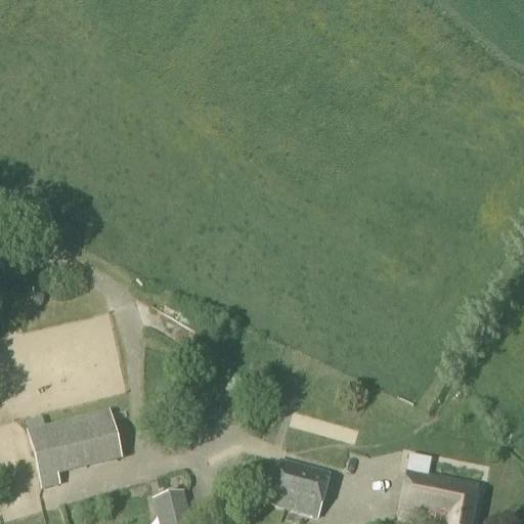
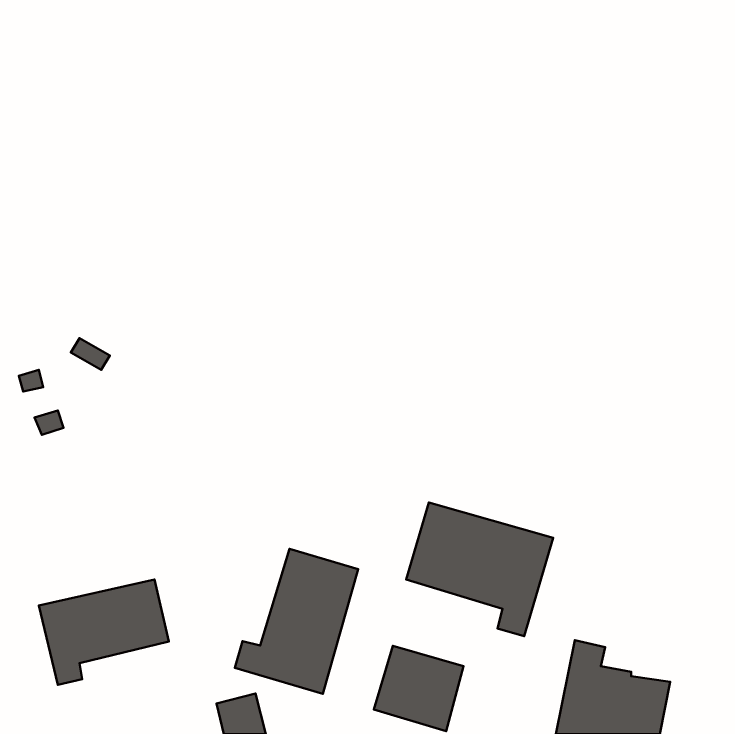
building: none -> [406,503,553,636]
building: none -> [235,549,358,694]

